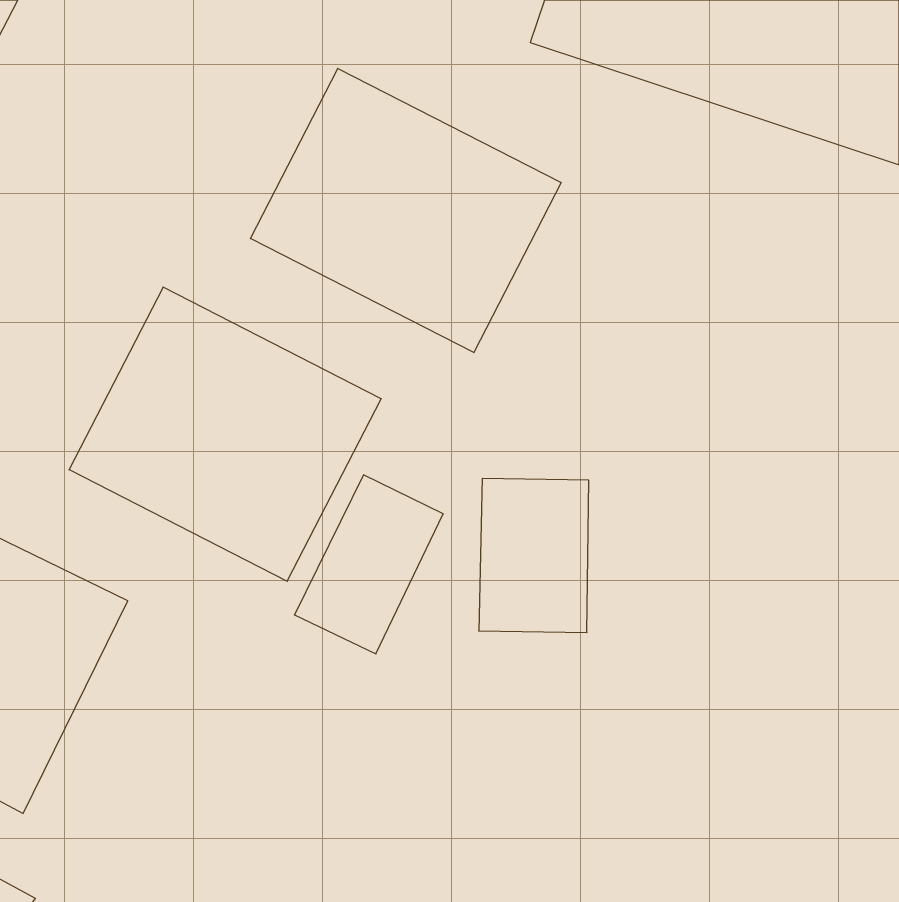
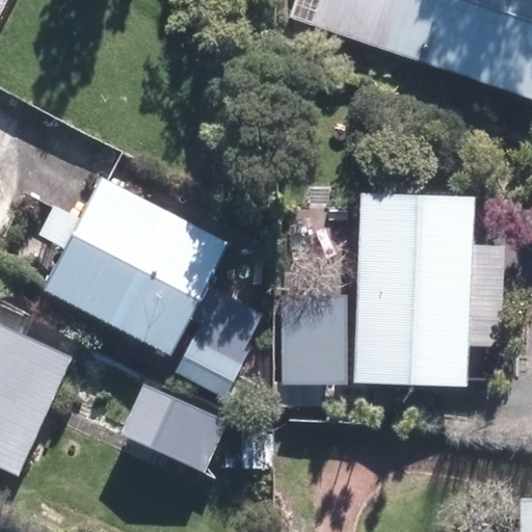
building: [250,68,561,353] -> none
building: none -> [356,198,468,387]
building: none -> [123,387,243,478]

